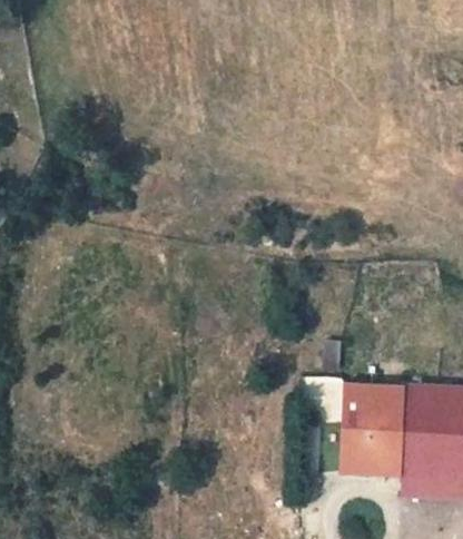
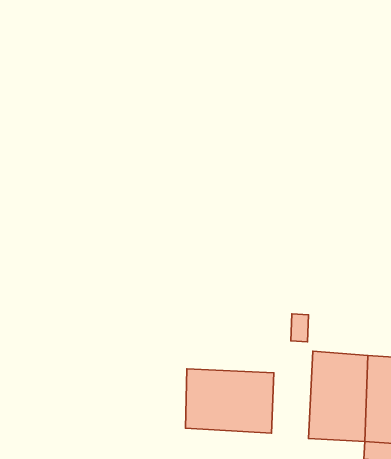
building: none -> [186,369,274,433]

